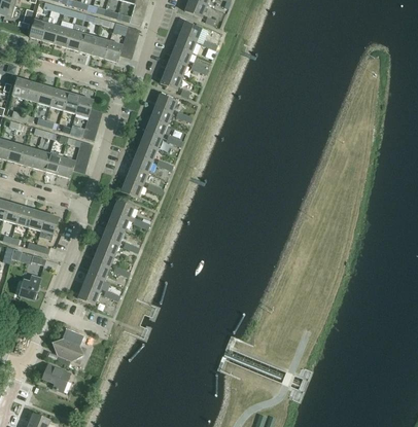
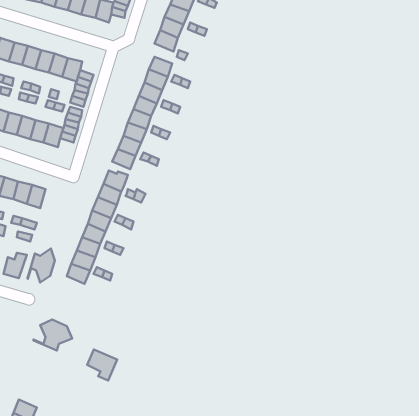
building: none -> [27,248,55,282]
building: [42,362,70,391] -> [87,349,117,381]

